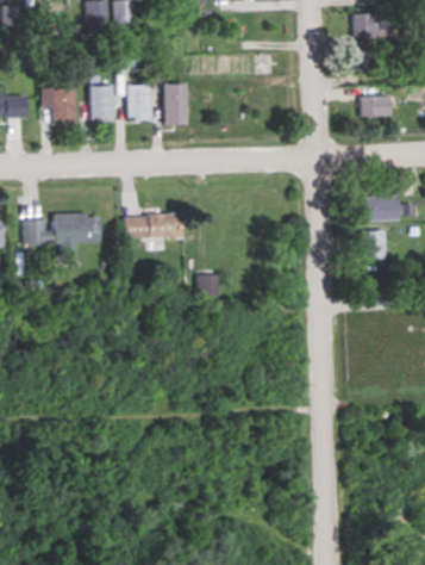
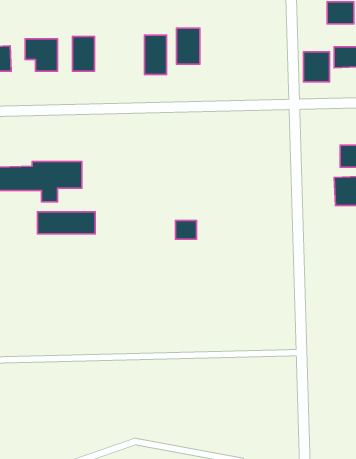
building: [126,83,150,120] -> [177,28,200,64]
building: none -> [303,52,329,82]
building: [123,213,182,236] -> [37,212,95,234]

